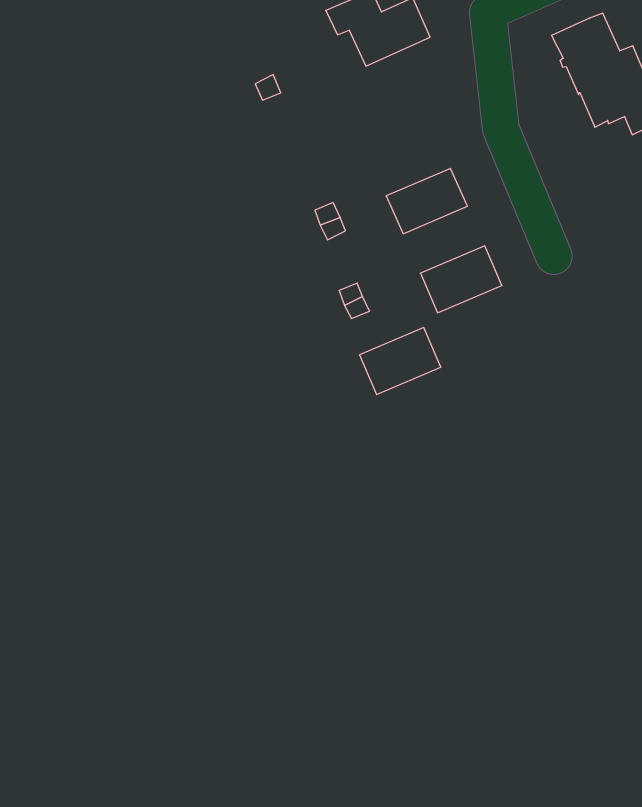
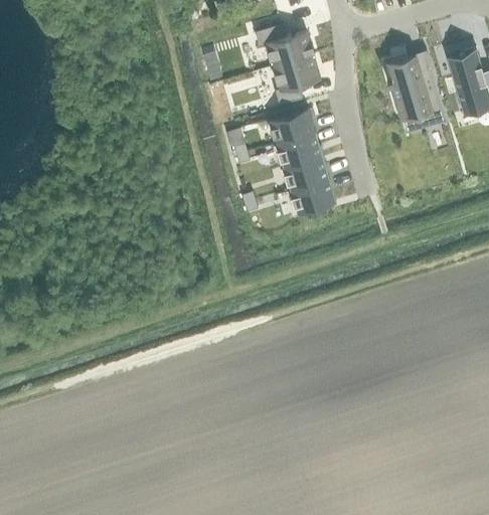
building: none -> [274,53,320,104]
building: none -> [269,107,315,142]
building: [359,328,441,395] -> [283,154,329,189]

